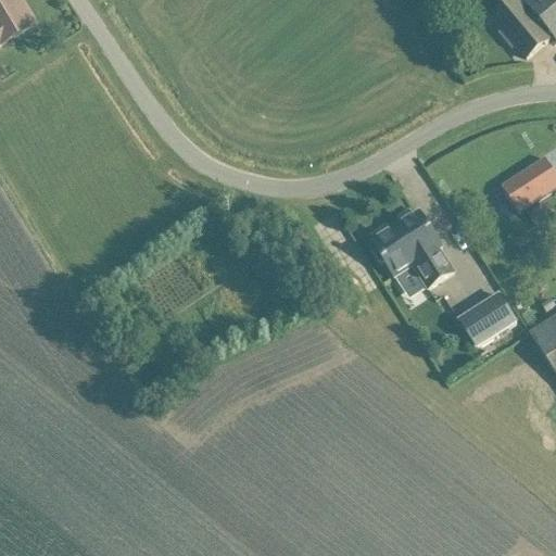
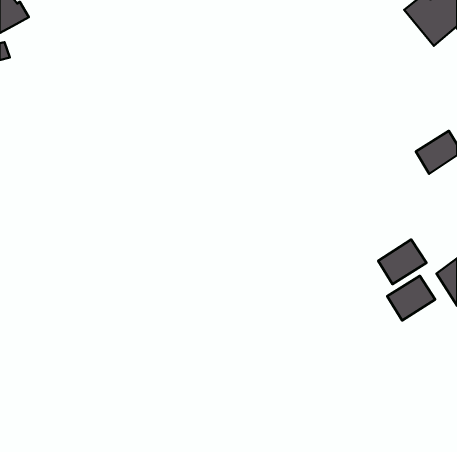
building: [371,208,453,286] -> none
building: none -> [387,276,435,321]

